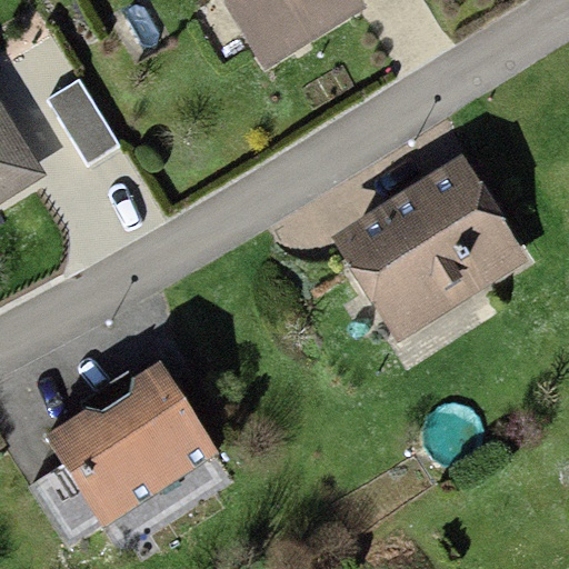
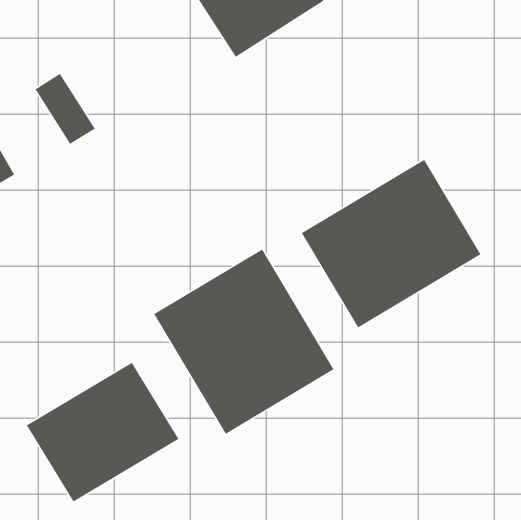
building: none -> [153,248,335,435]

